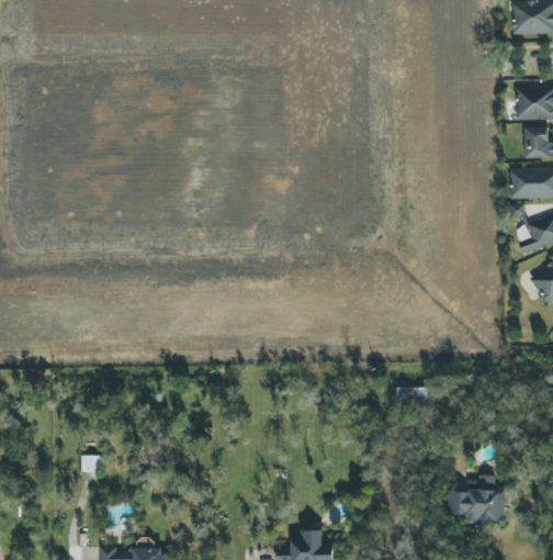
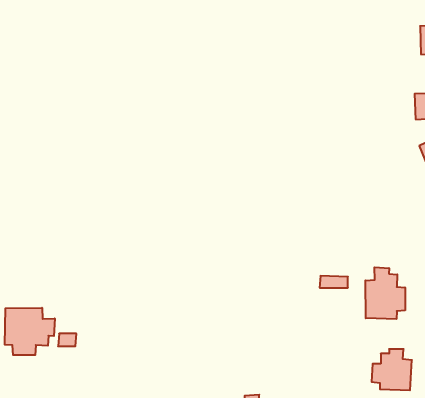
building: none -> [365,267,405,319]
building: none -> [5,308,55,355]

